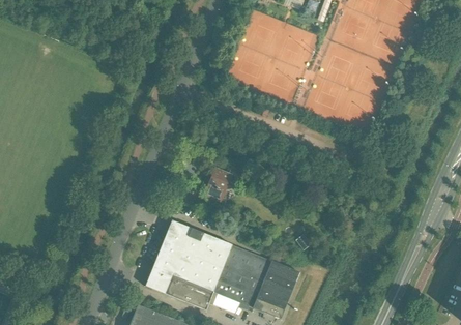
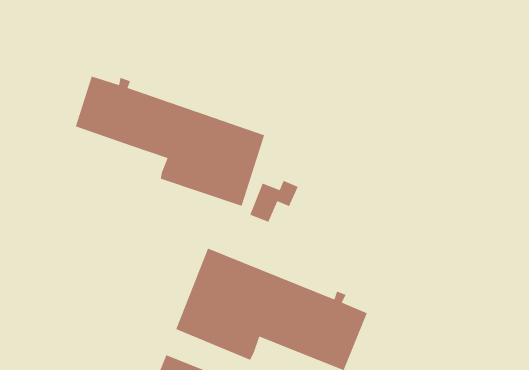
building: none -> [75,75,265,207]

